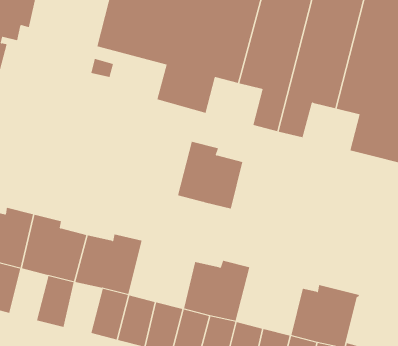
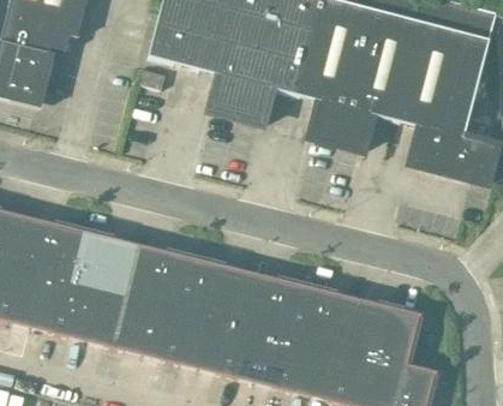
building: [177,141,243,209] -> [181,256,250,327]
building: none -> [293,283,361,354]
building: none -> [58,285,97,339]
building: none -> [114,299,154,352]

